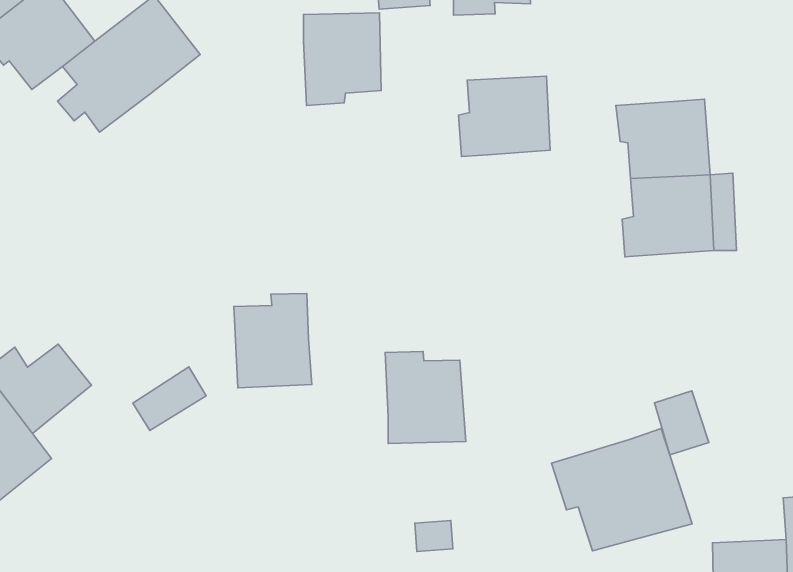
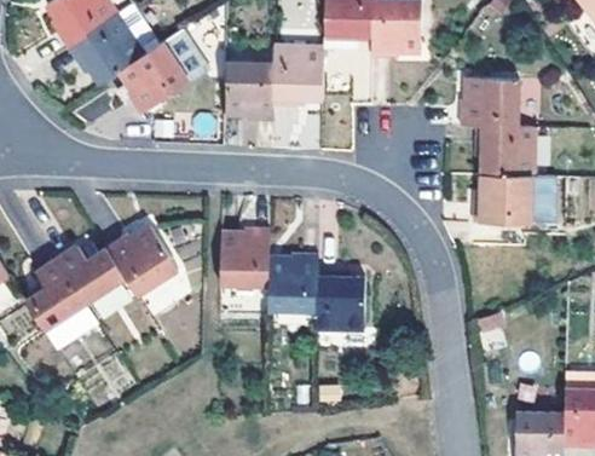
building: none -> [227,64,276,123]
building: [458,76,550,157] -> [455,74,513,122]
building: none -> [105,225,177,294]
building: none -> [265,252,313,310]
building: [551,428,692,551] -> none

